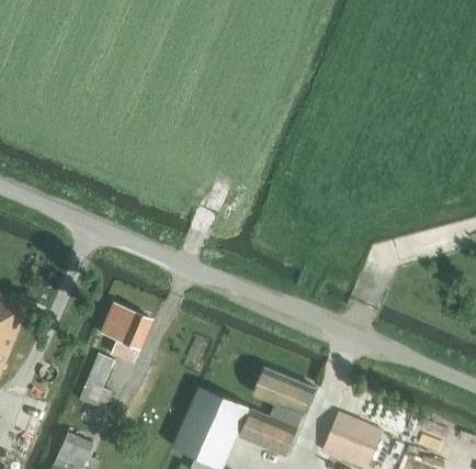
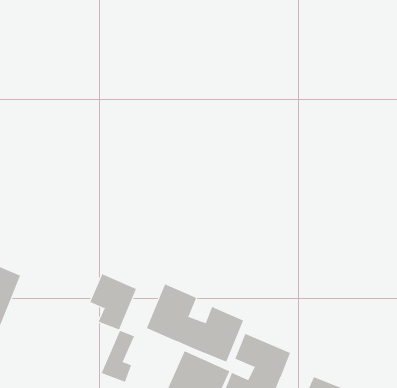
building: none -> [146,283,244,363]
building: [78,354,114,410] -> [101,330,135,383]

